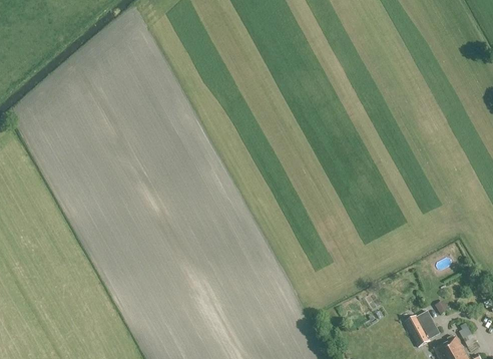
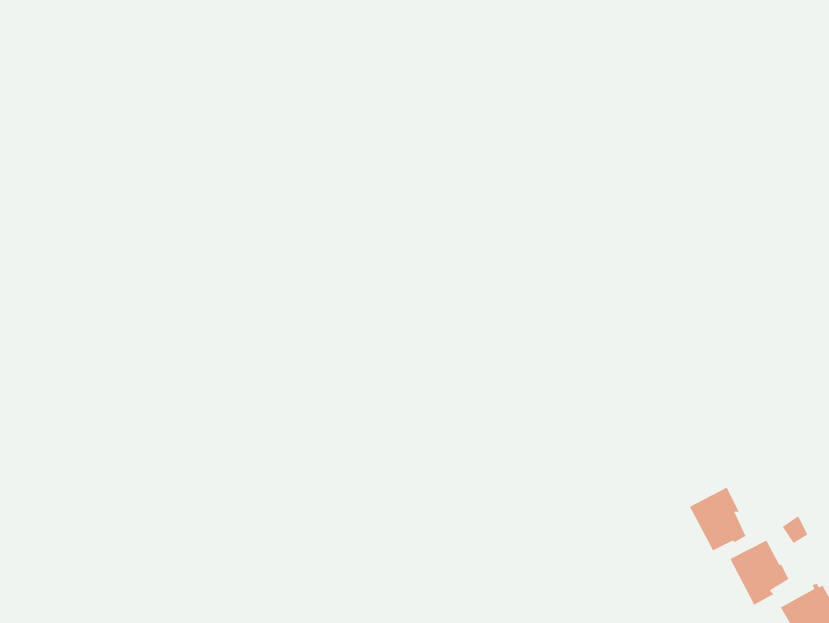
building: none -> [689,487,746,551]

